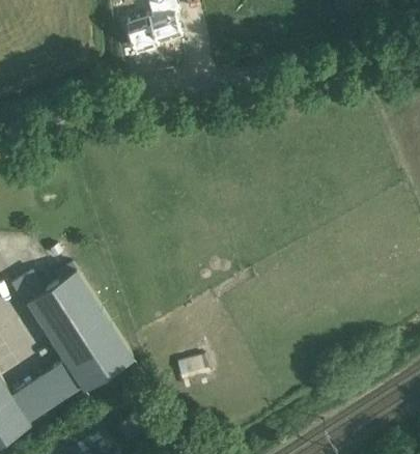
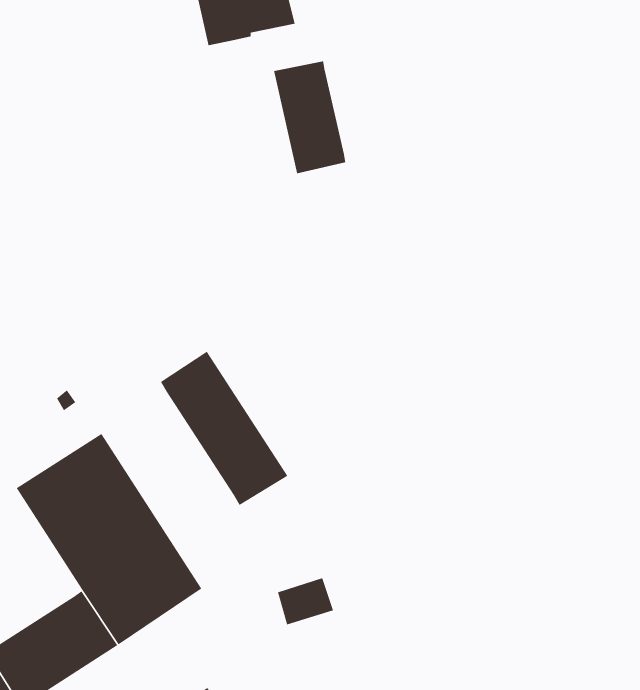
building: none -> [274,60,346,174]
building: none -> [160,351,288,506]

